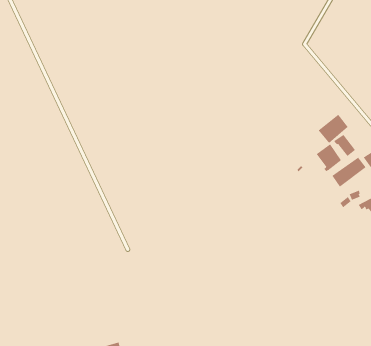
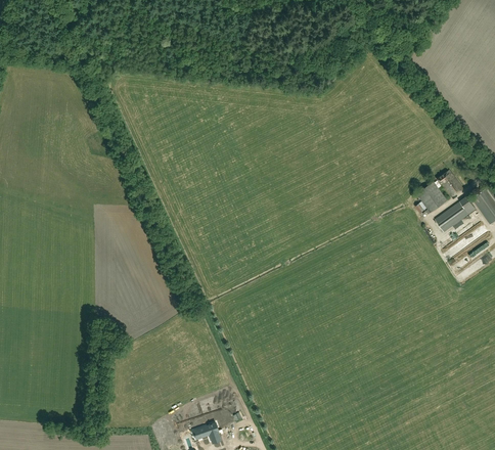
building: [318,114,349,144] -> none

